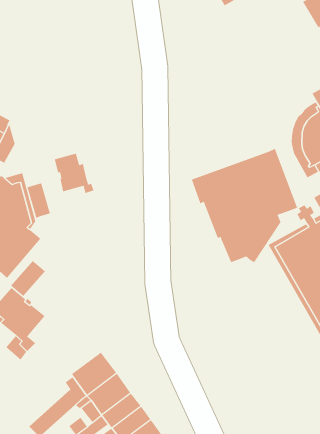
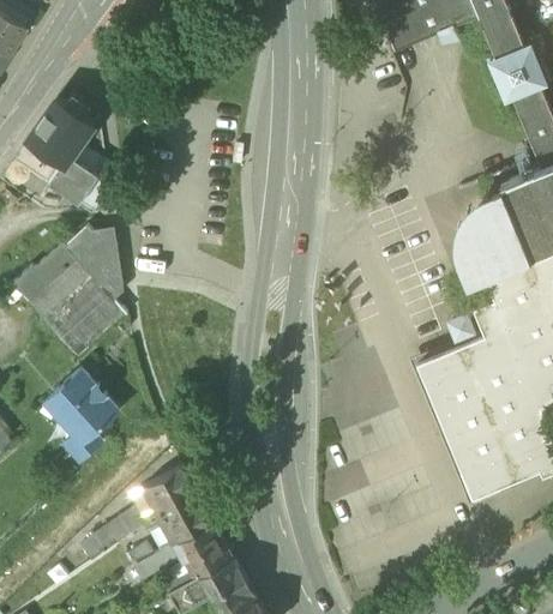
building: [191,148,298,263] -> none
building: [54,153,94,194] -> none
building: [27,182,51,218] -> none
building: [10,260,46,297] -> none

